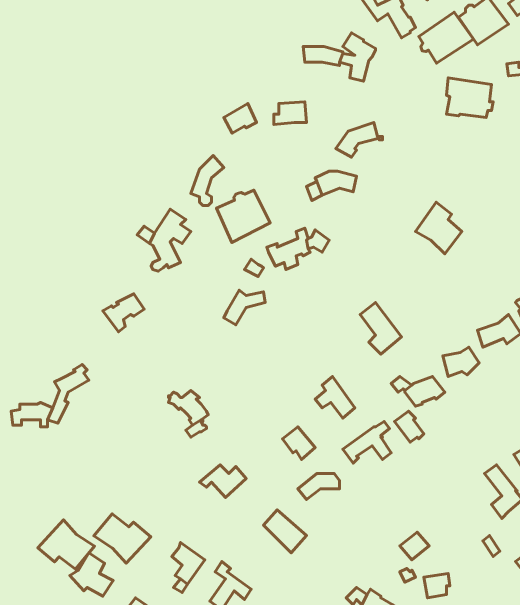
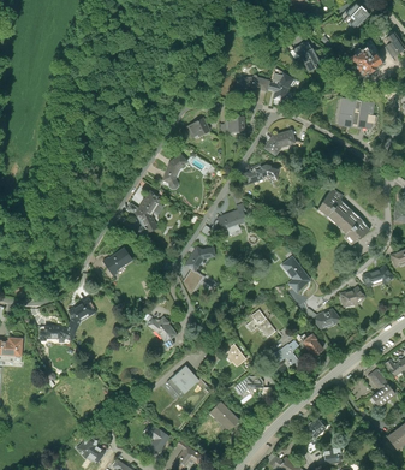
building: [419,12,474,63] -> none
building: [216,190,270,243] -> none
building: none -> [339,207,370,242]
building: [94,514,151,563] -> none
building: [38,520,95,569] -> none

